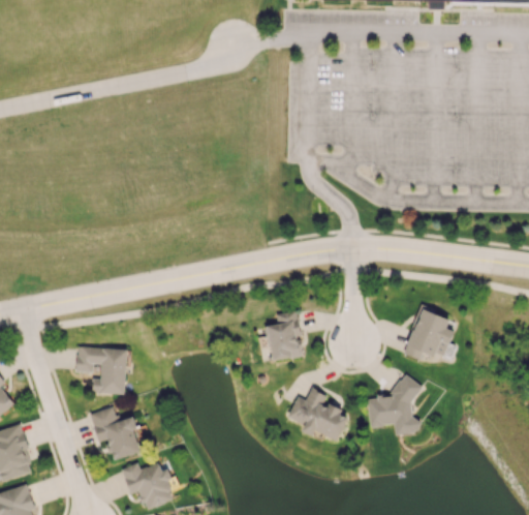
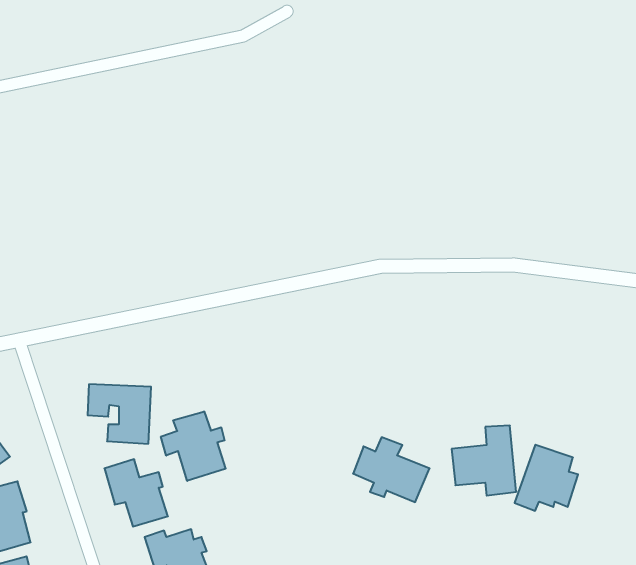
building: [403,307,454,360] -> [515,445,578,511]
building: [267,311,303,361] -> none
building: none -> [161,411,226,481]

